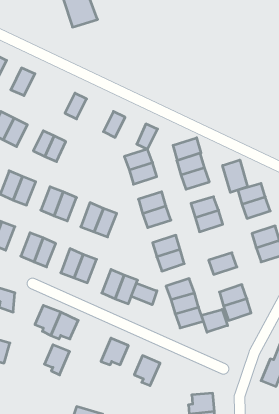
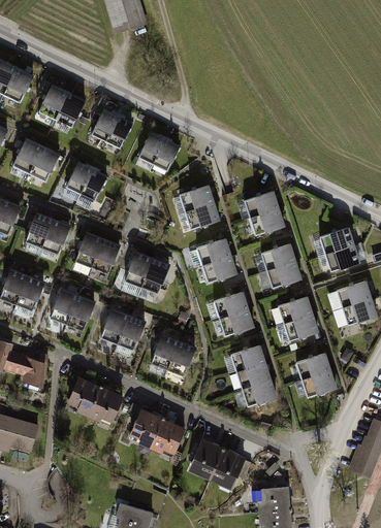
building: none -> [55,93,85,128]
building: none -> [92,110,118,141]
building: [137,124,158,149] -> [139,133,165,164]
building: [173,138,201,161] -> none
building: [223,160,248,192] -> none
building: none -> [278,297,312,323]
building: [131,283,157,305] -> none
building: [202,309,228,332] -> none
building: [44,345,70,375] -> [131,410,162,448]
building: none -> [211,450,245,483]

